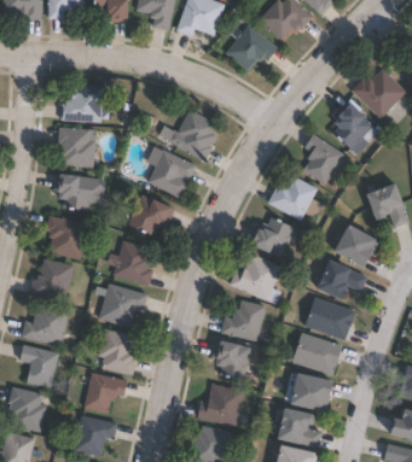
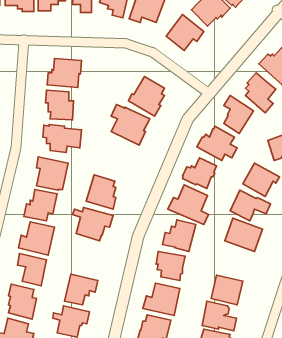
building: [132,193,179,234] -> none
building: [100,327,140,374] -> none
building: [290,333,340,374] -> none

